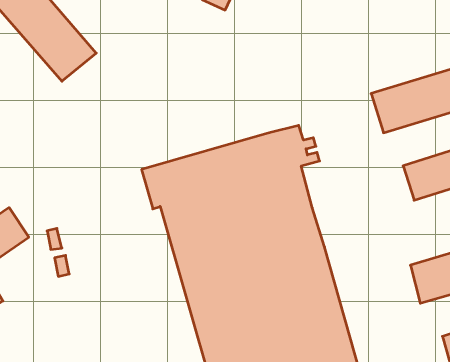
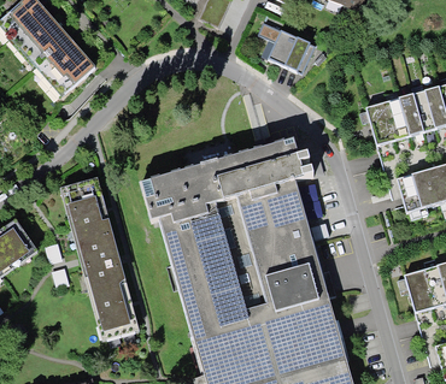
building: none -> [263,29,316,75]
building: none -> [59,179,135,336]

